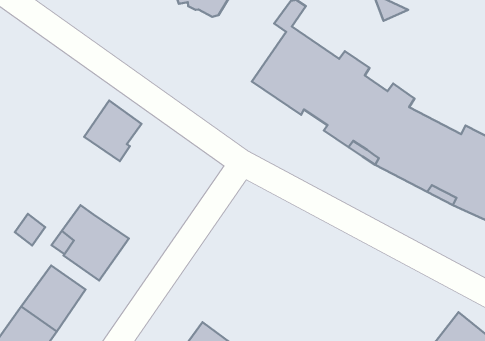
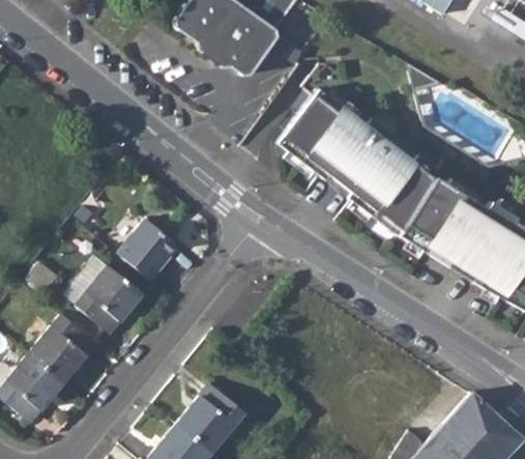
building: [84,100,142,161] -> [119,219,178,281]

